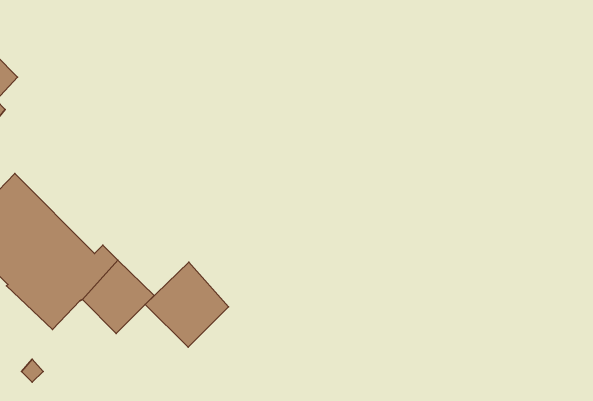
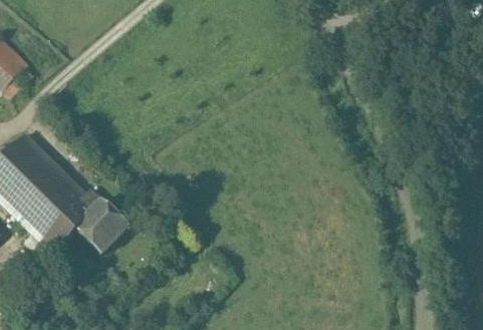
building: [145,262,229,347] -> none

